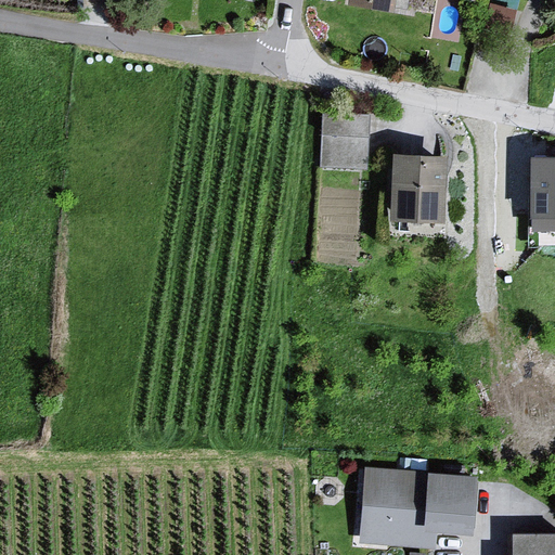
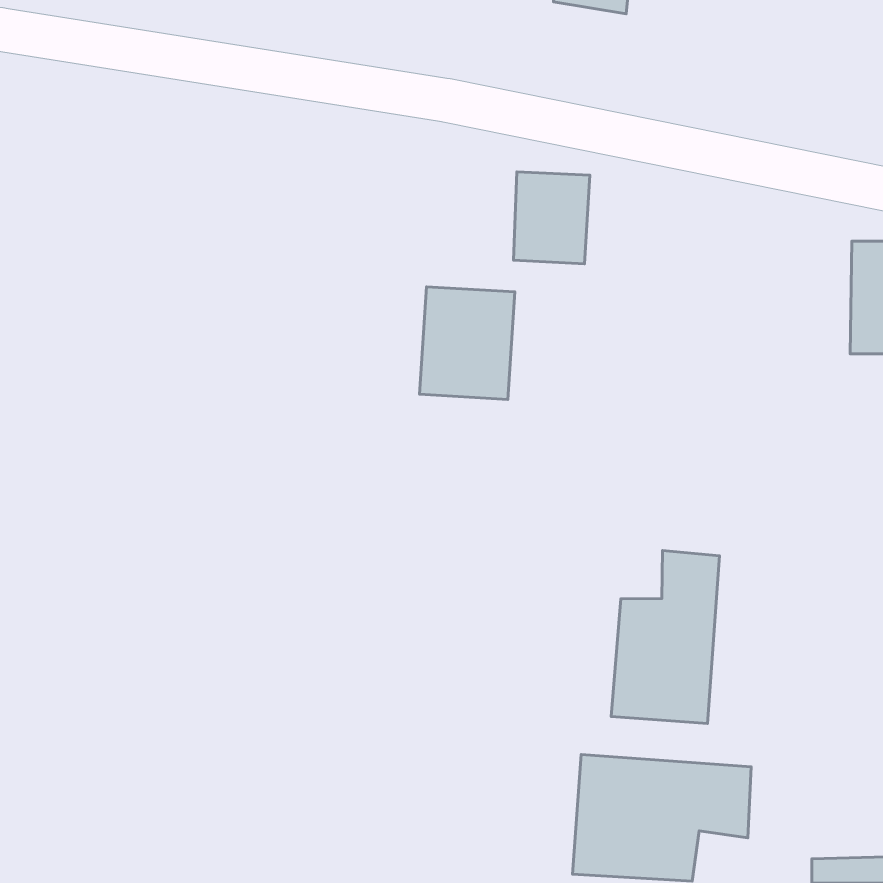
building: [389,146,449,217] -> [419,287,515,399]
building: none -> [611,550,719,723]

